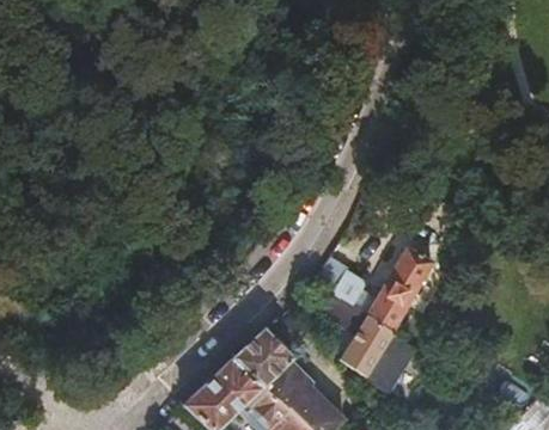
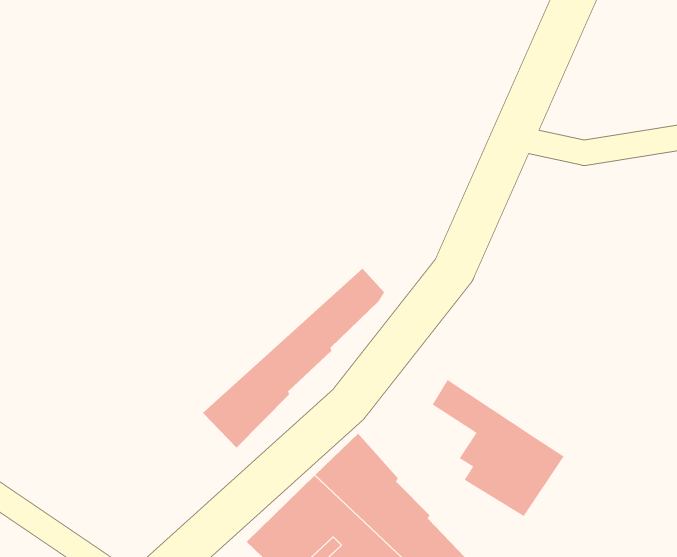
building: none -> [202,268,385,449]
building: [316,248,434,330] -> none

